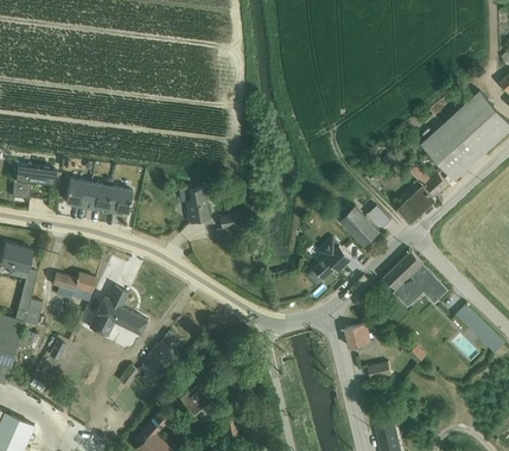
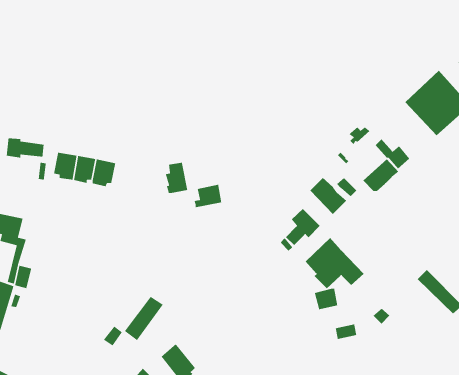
building: [420,125,476,182] -> none
building: [383,250,447,306] -> [305,237,364,289]
building: [51,273,95,300] -> none
building: [87,286,147,338] -> none

